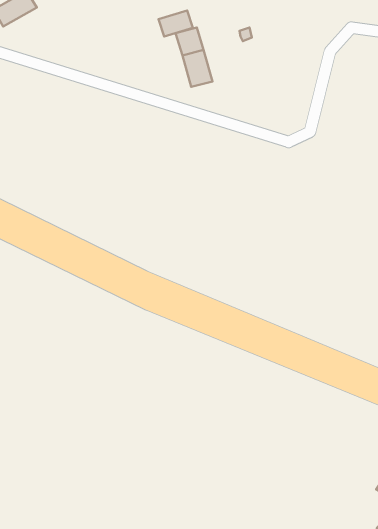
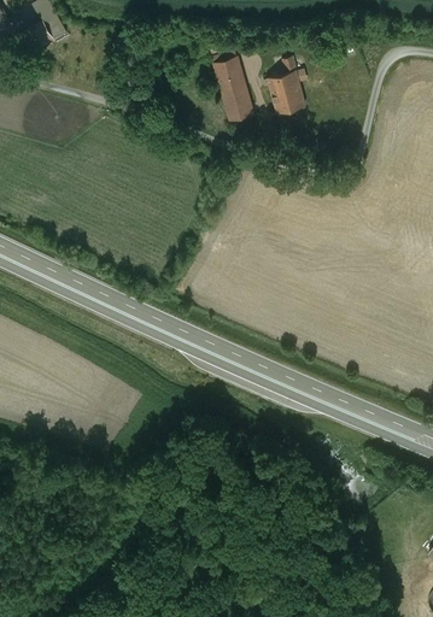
building: [159,11,193,37] -> none
building: none -> [267,70,305,112]

